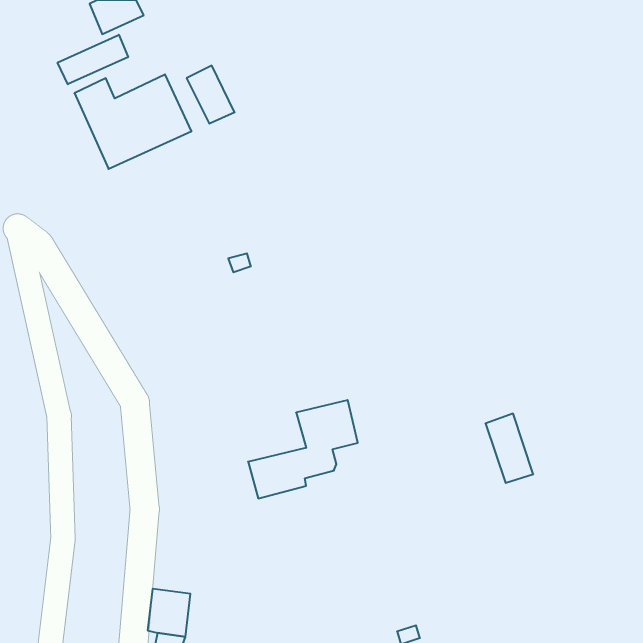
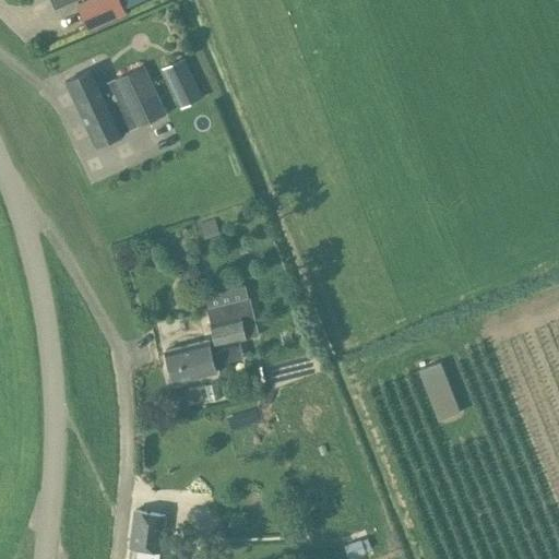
building: [58,35,128,84] -> none
building: [248,400,358,498] -> [164,298,259,383]

